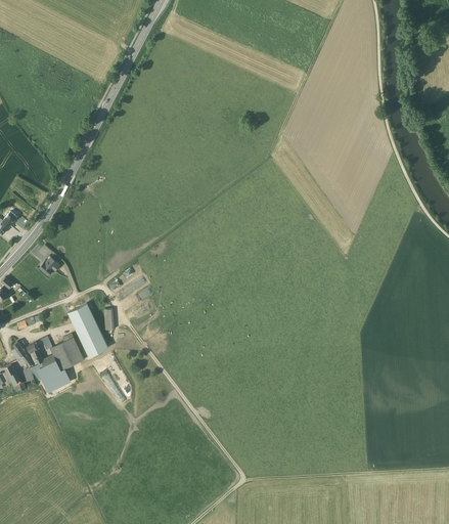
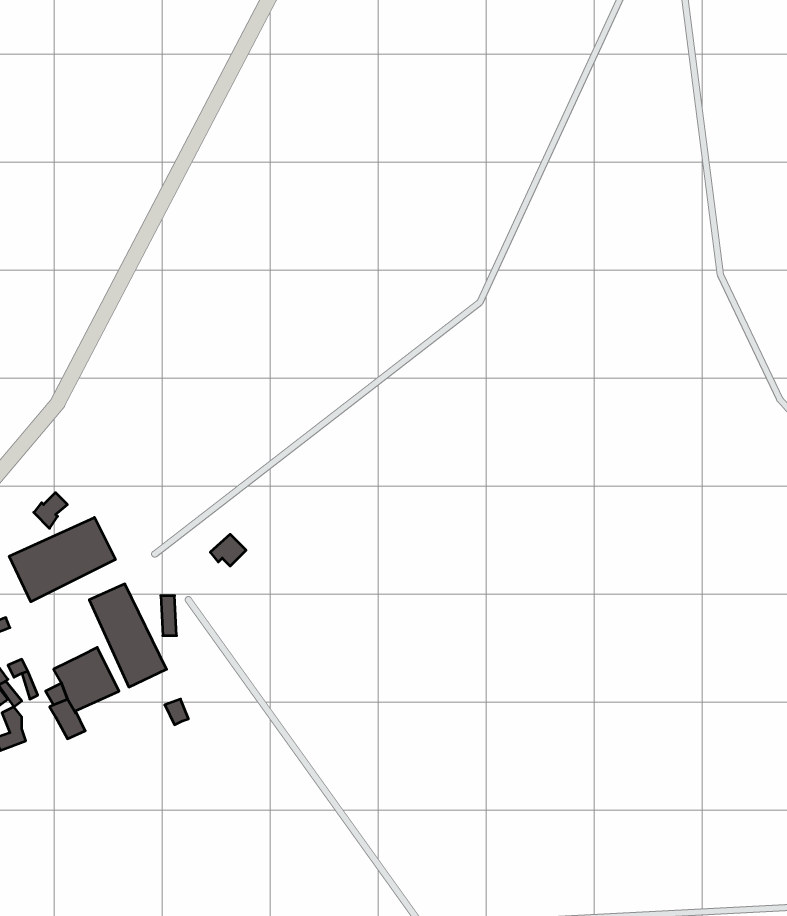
building: none -> [9,517,115,602]

